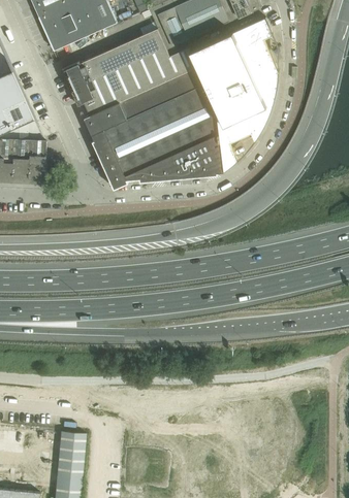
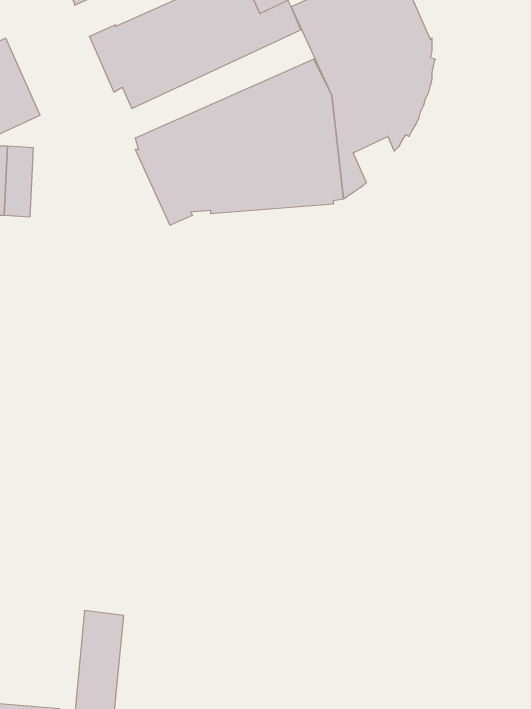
building: [84,66,204,134] -> none
building: [26,140,44,185] -> none

